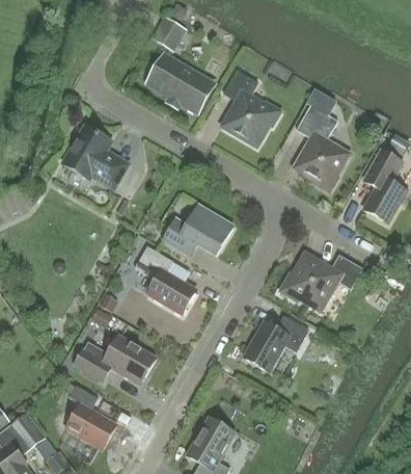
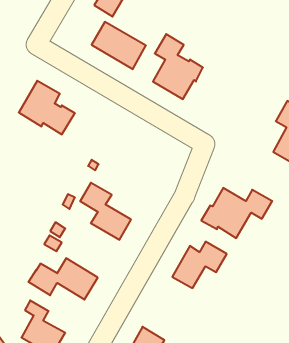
building: [293,104,349,191] -> none
building: [162,204,234,255] -> none

